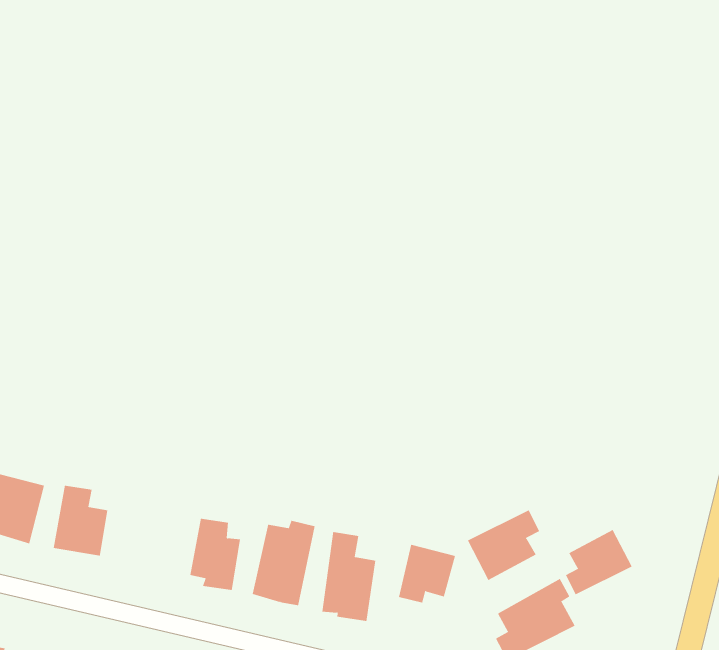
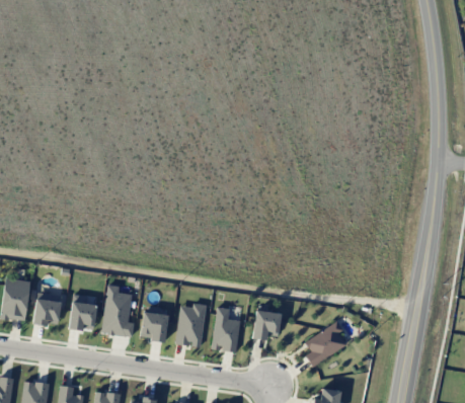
building: none -> [102,285,135,337]
building: [467,509,540,581] -> none
building: [565,529,633,595] -> none

